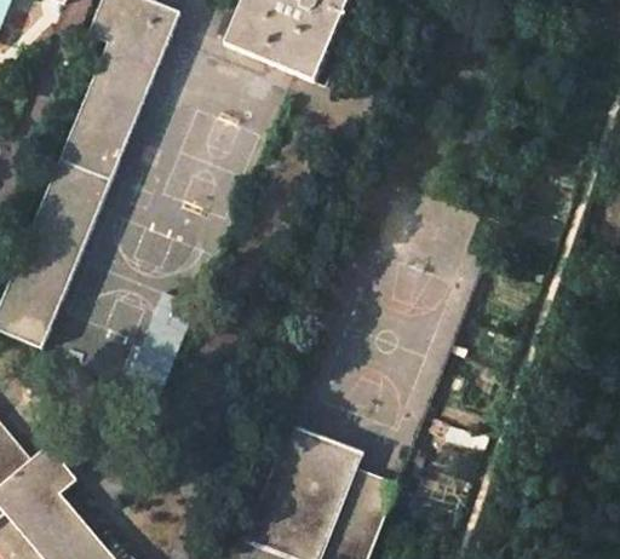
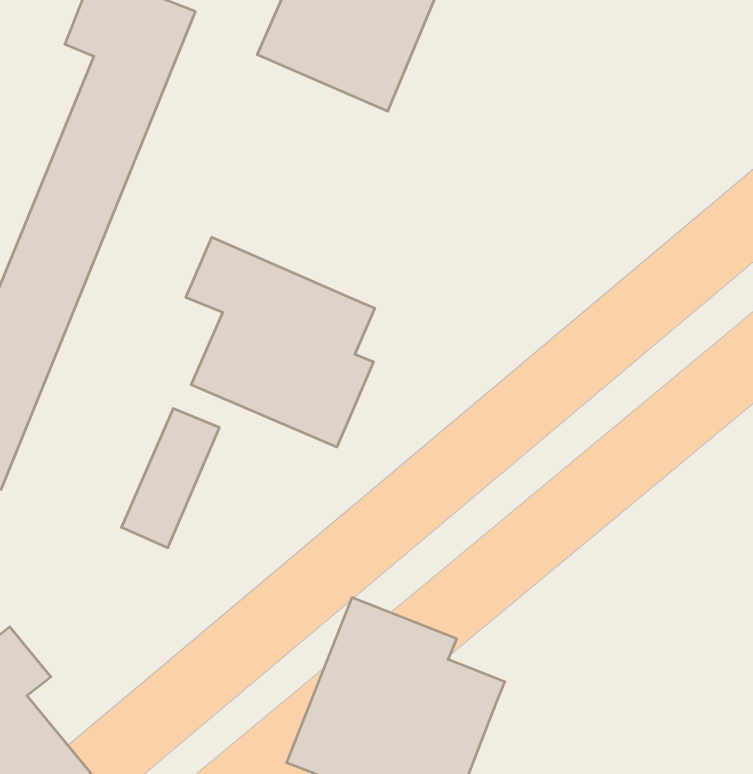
building: none -> [186,237,375,447]

